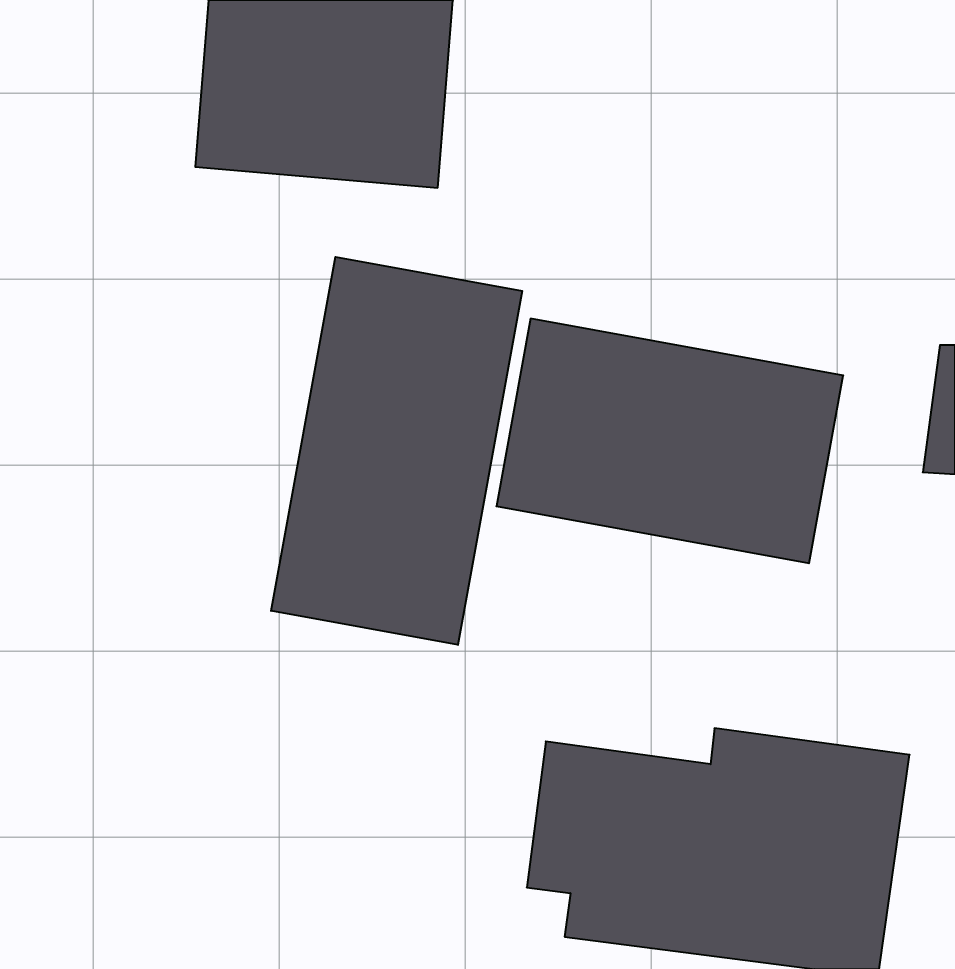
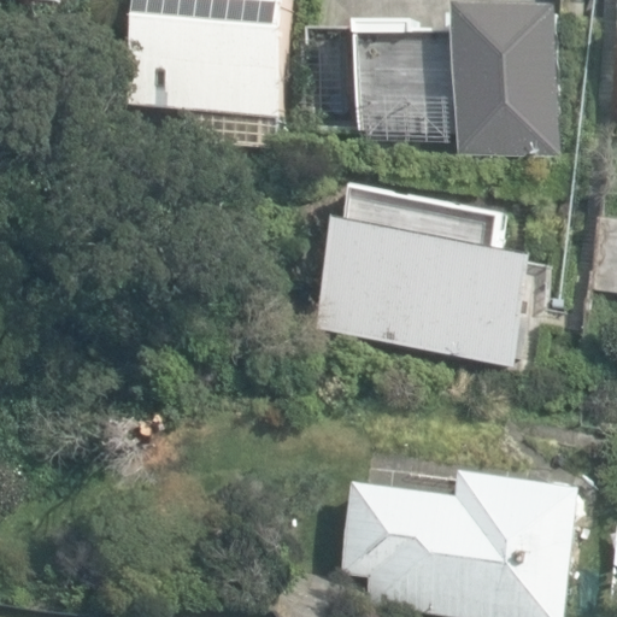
building: none -> [360,24,554,137]
building: [271,257,522,645] -> none

